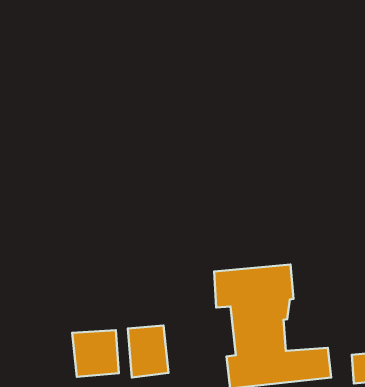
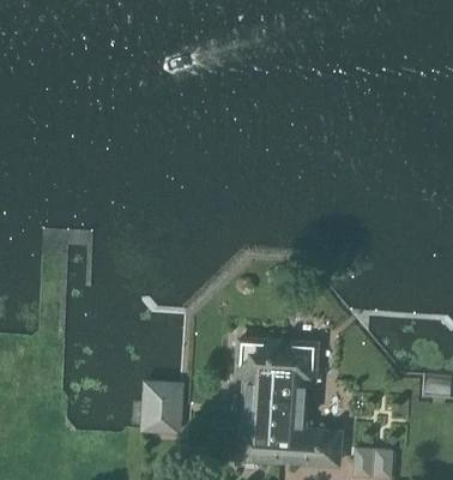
building: [72,330,119,377] -> none

